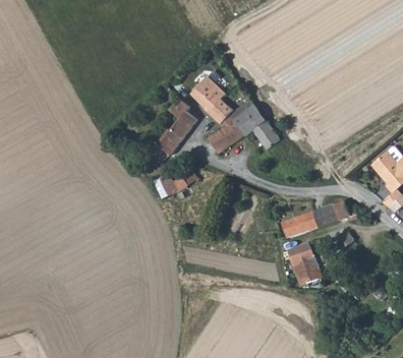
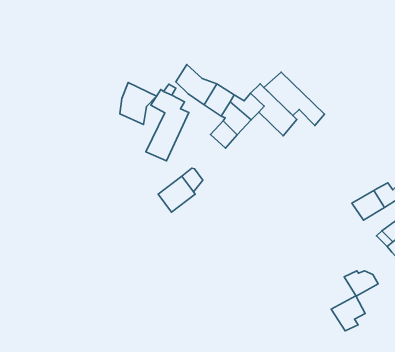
building: none -> [120,82,156,124]
building: none -> [264,72,325,125]
building: [285,212,321,239] -> none
building: [289,243,315,270] -> [331,296,365,331]

